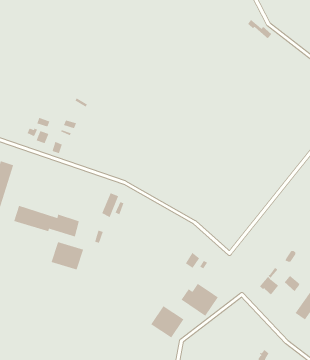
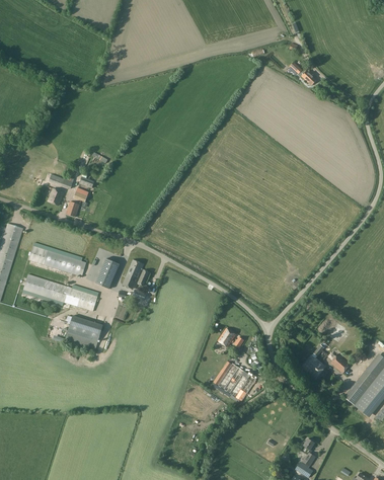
building: none -> [28,242,86,276]
building: none -> [95,258,120,289]
building: [150,305,185,338] -> none

